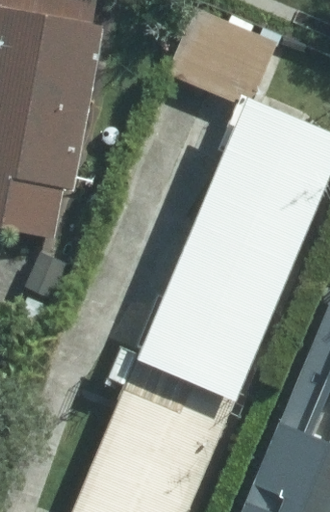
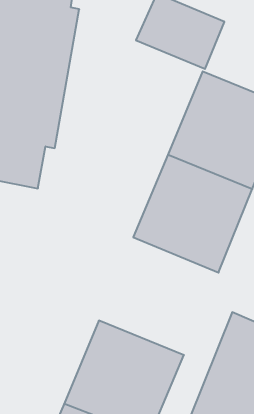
building: [123,295,265,435] -> none

